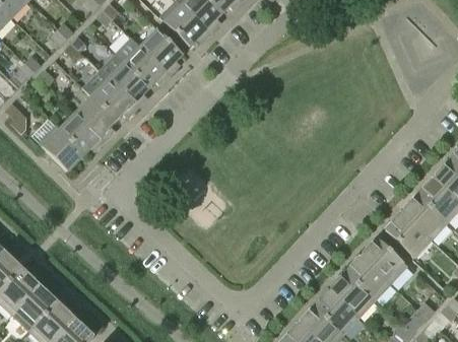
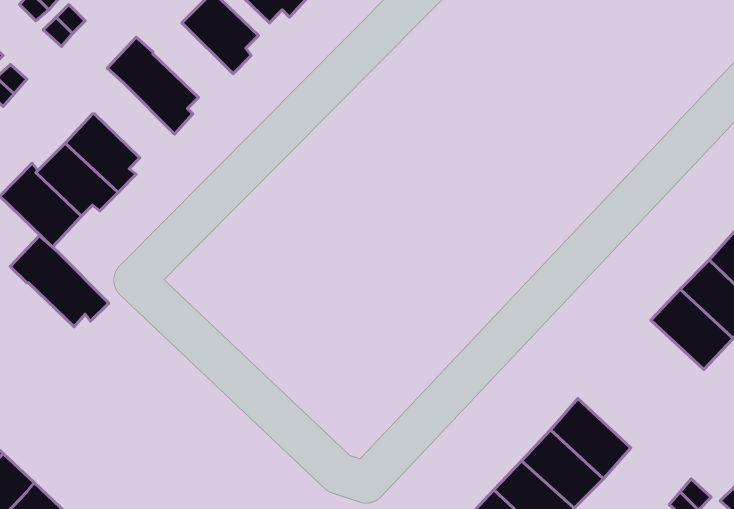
building: [115,38,169,87] -> none
building: [81,70,136,121] -> [10,236,109,327]
building: [385,211,431,257] -> none
building: [361,237,406,282] -> none

